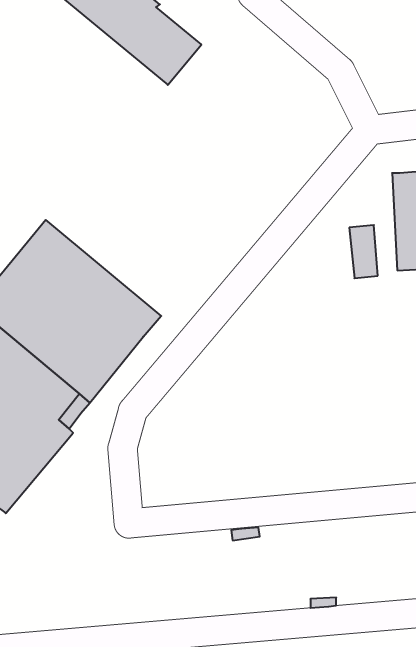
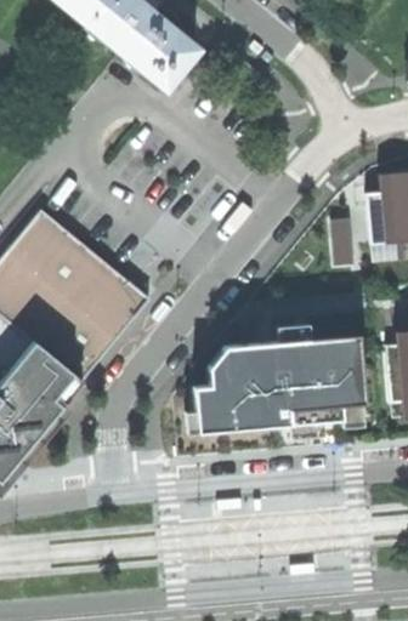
building: none -> [191,335,363,431]

